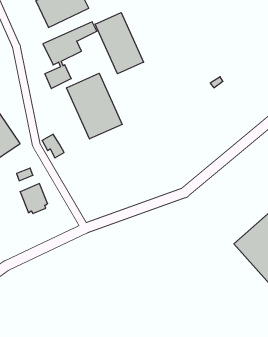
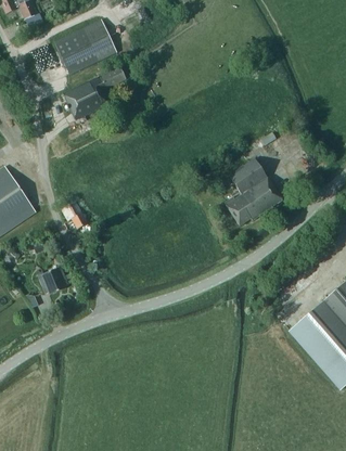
building: [95,13,144,74] -> none
building: [67,73,122,139] -> none
building: none -> [223,159,282,226]

